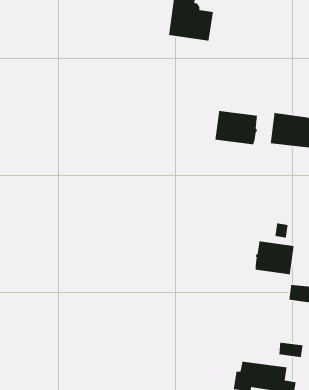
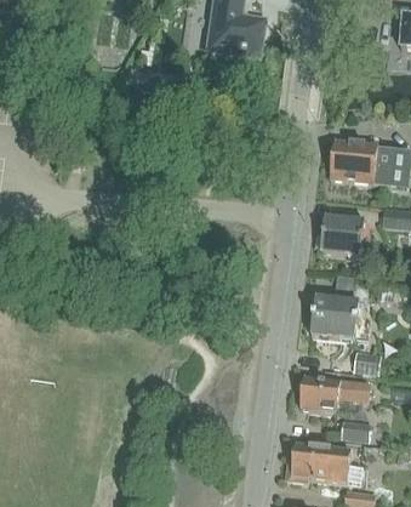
building: [215,110,258,145] -> none
building: none -> [320,218,366,257]
building: none -> [301,377,370,414]

